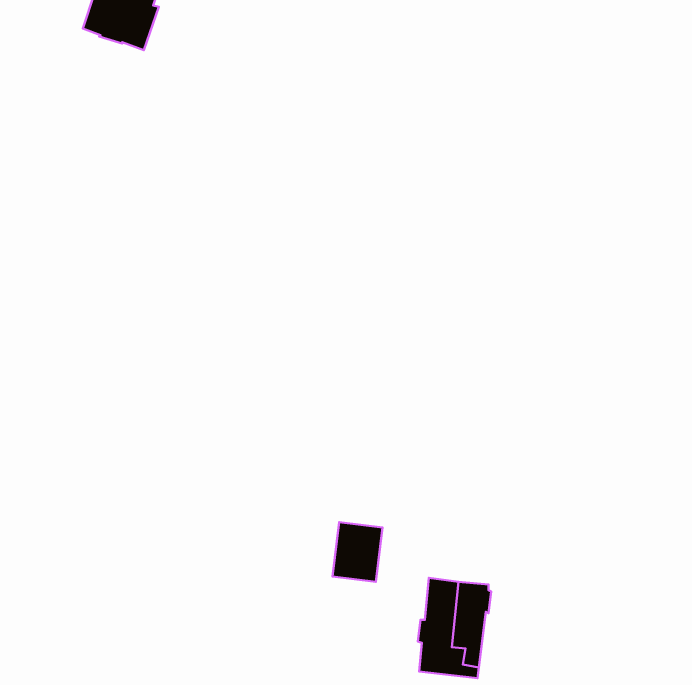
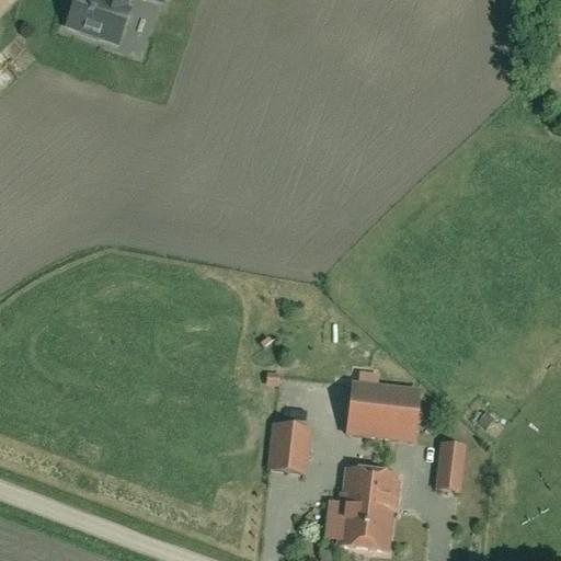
building: none -> [347,380,420,438]
building: none -> [437,442,465,489]

